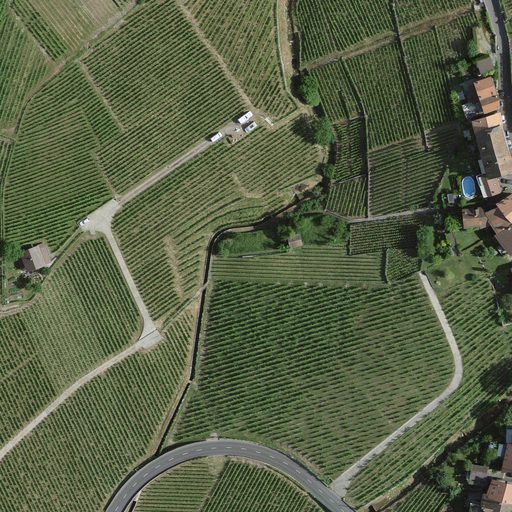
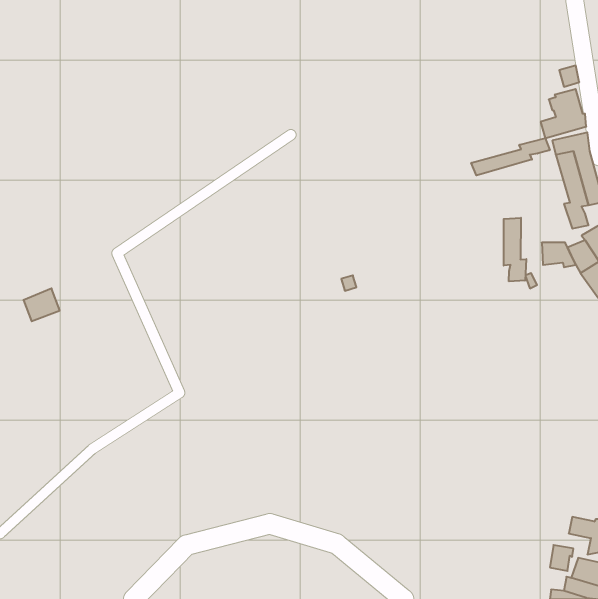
building: none -> [471,138,550,175]
building: none -> [504,218,526,281]

